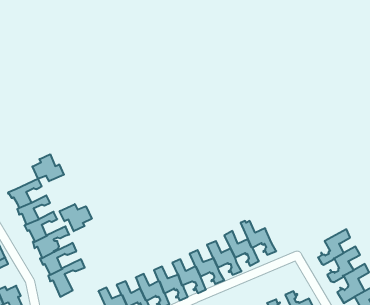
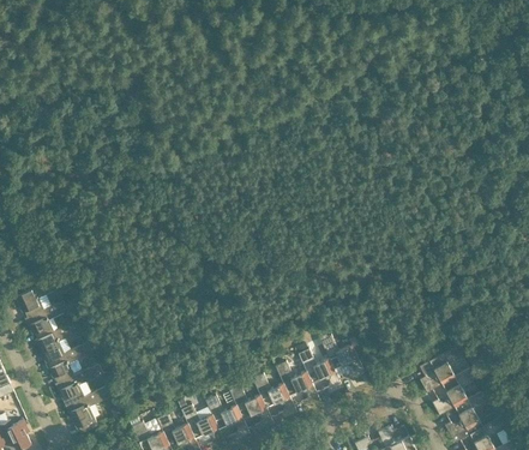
building: [32,154,64,181] -> none
building: [60,204,92,231] -> none

